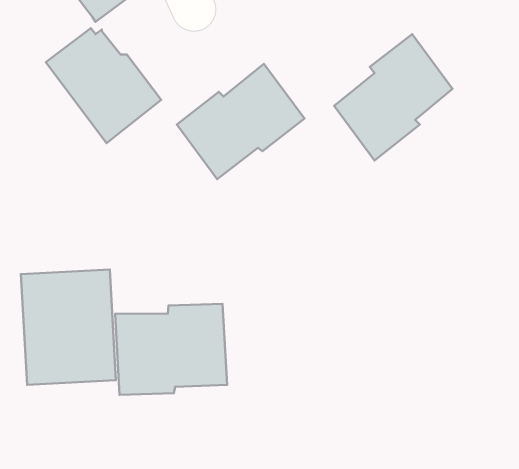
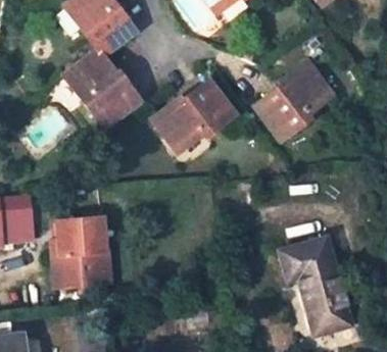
building: [115,304,227,395] -> none
building: none -> [280,237,352,337]

